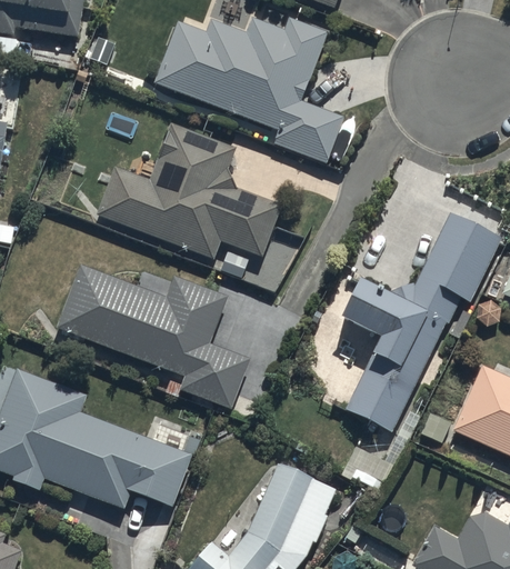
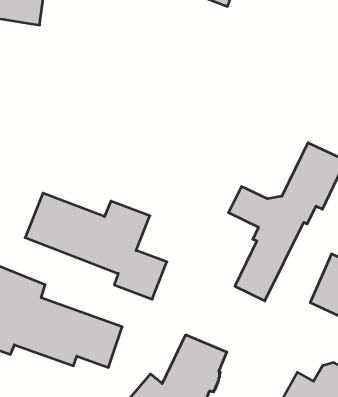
building: [158,22,347,169] -> none
building: [98,128,283,268] -> none

